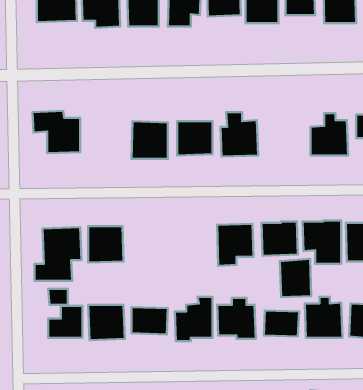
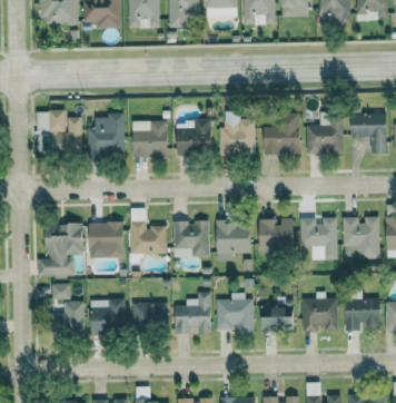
building: none -> [87,112,125,154]
building: none -> [264,114,301,155]
building: none -> [130,220,167,254]
building: none -> [172,222,210,258]
building: [280,259,311,297] -> none

